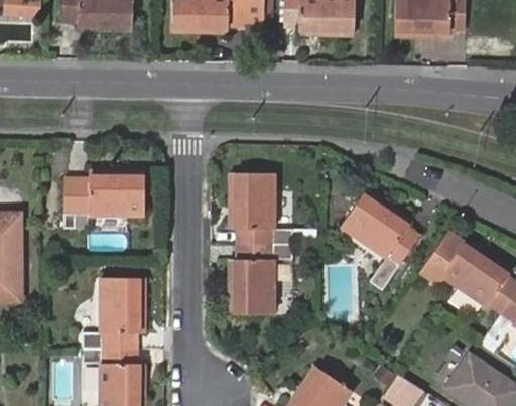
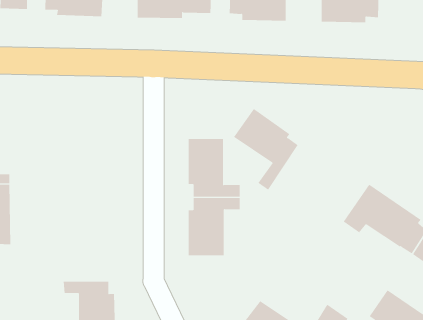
building: [62,171,142,229] -> none
building: [345,191,423,290] -> [233,108,299,190]
building: [82,275,144,346] -> none

